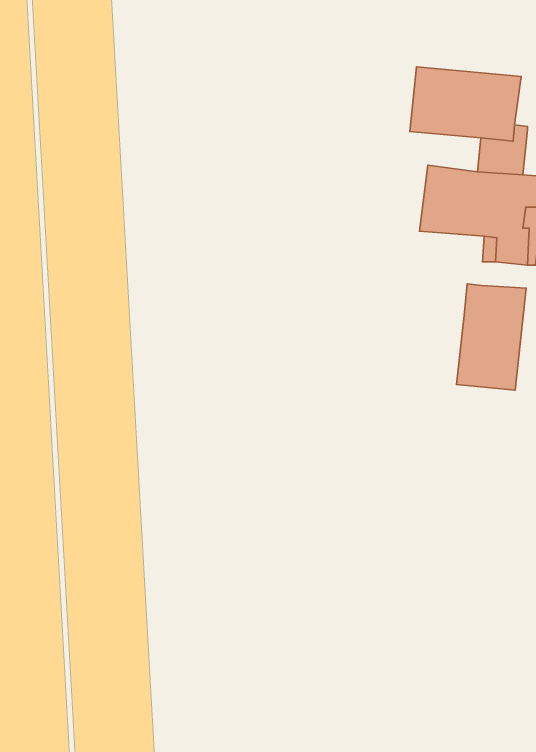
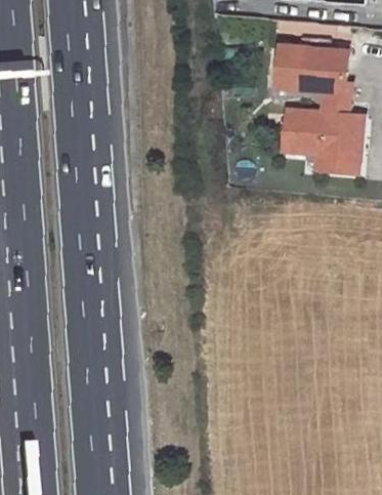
building: [457,284,526,390] -> none

